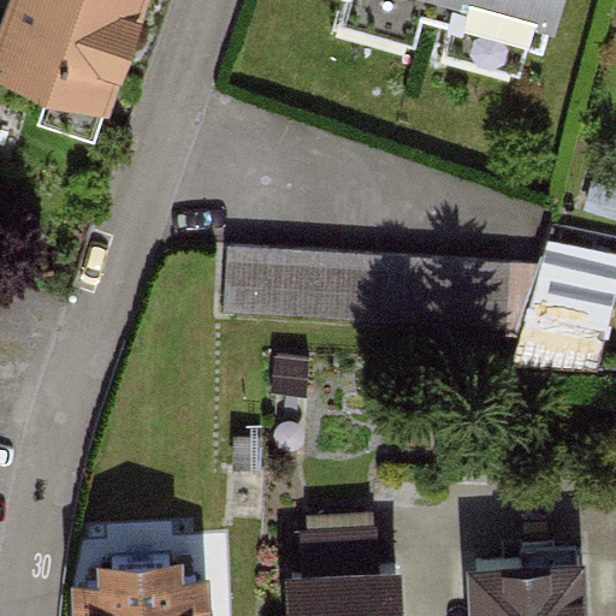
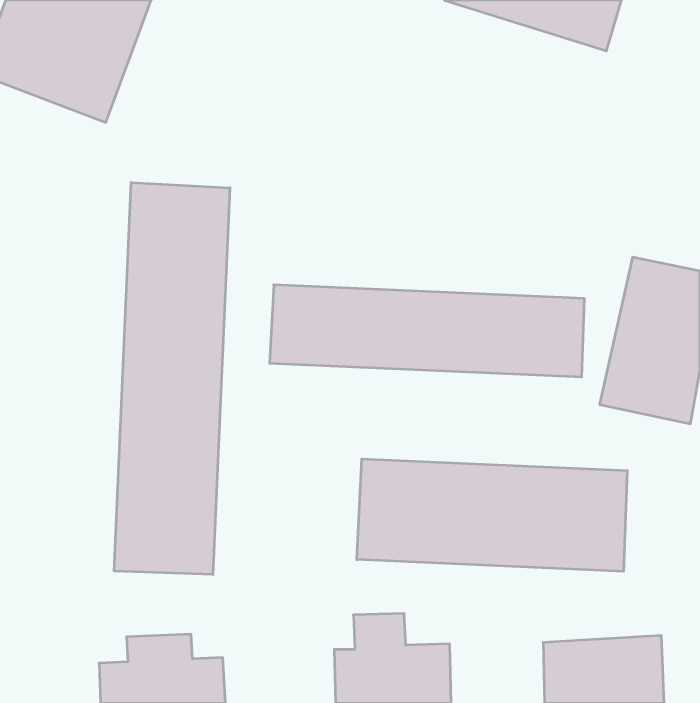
building: none -> [114,182,230,575]
building: none -> [357,459,627,571]

